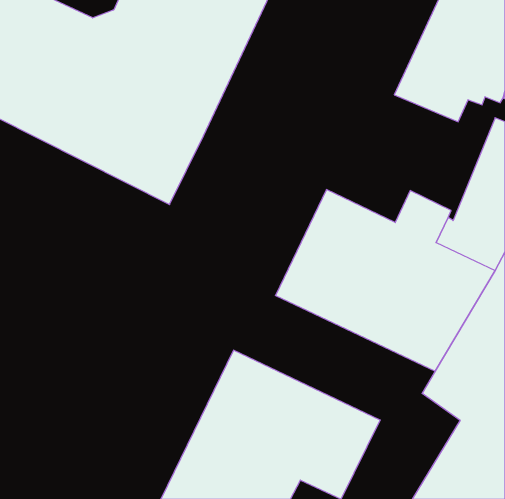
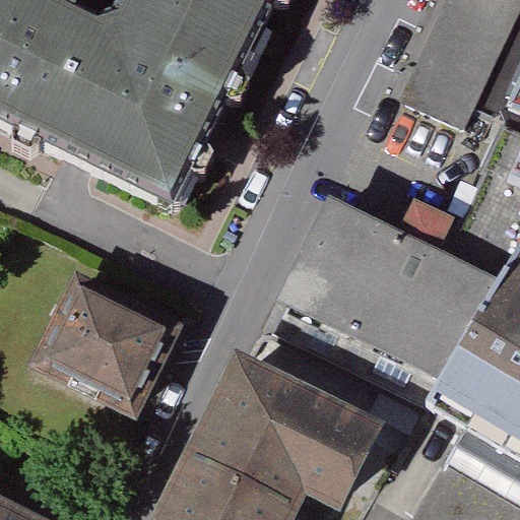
building: none -> [27,269,190,421]

